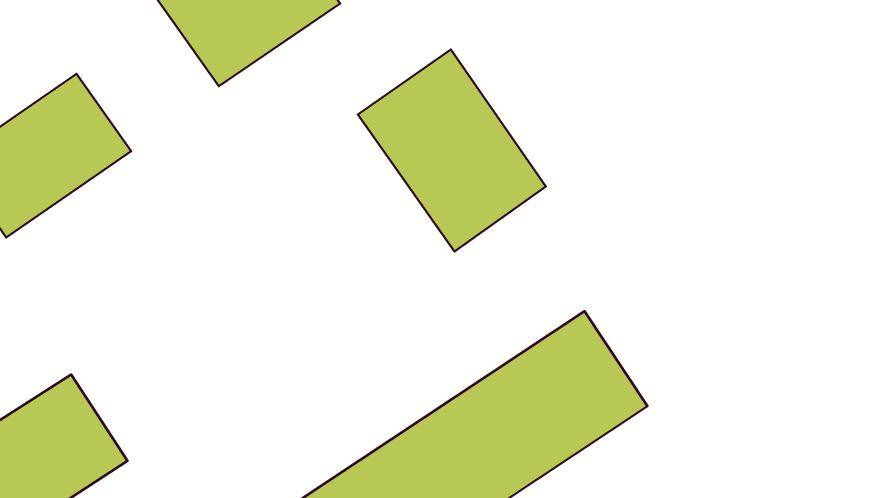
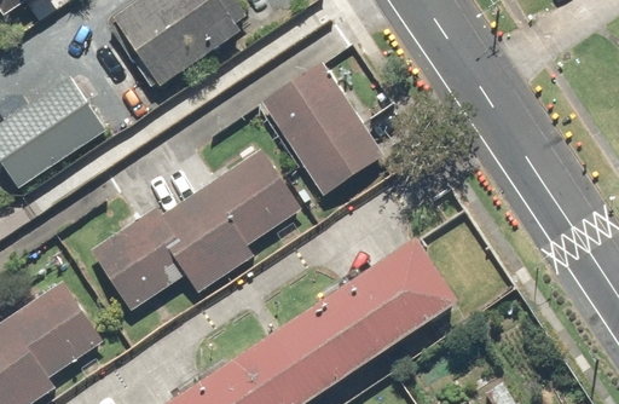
building: none -> [89,139,299,308]

